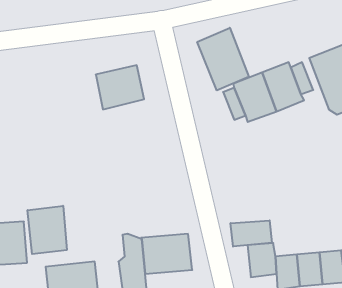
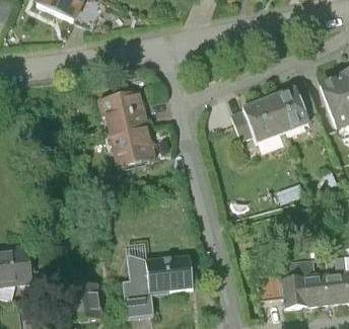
building: [197,28,249,90] -> none
building: none -> [108,122,157,169]
building: [28,206,67,254] -> none
building: [231,220,272,247] -> none

